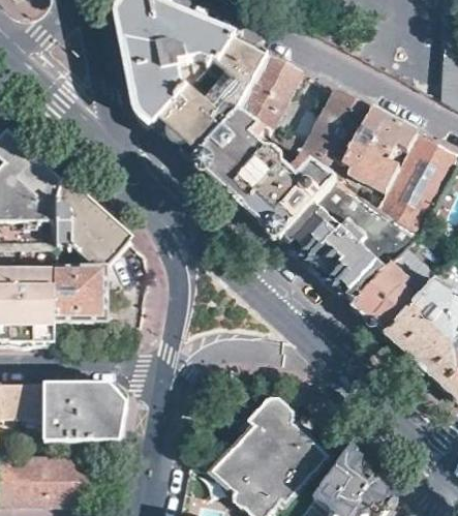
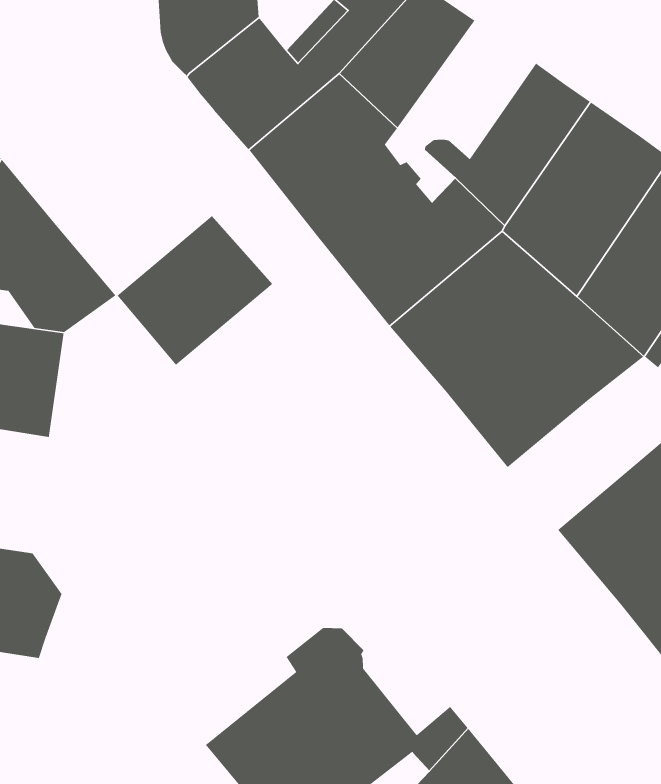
building: none -> [117,215,273,366]
building: [352,260,426,331] -> none

